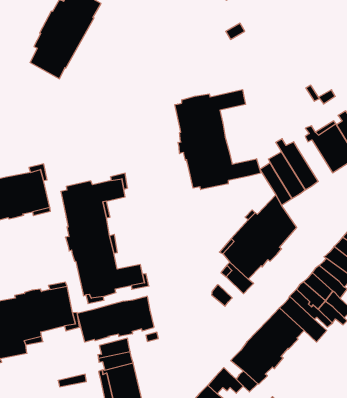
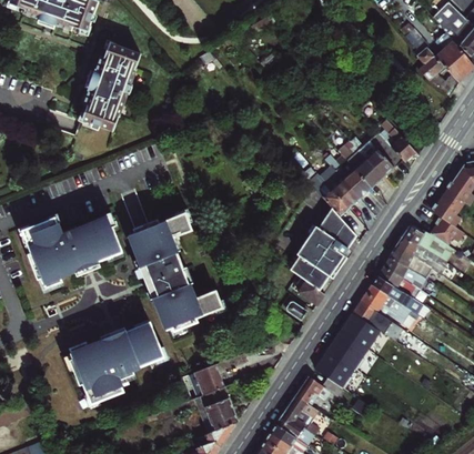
building: [175,90,261,190] -> none
building: none -> [345,150,382,188]
building: [77,296,154,342] -> none

